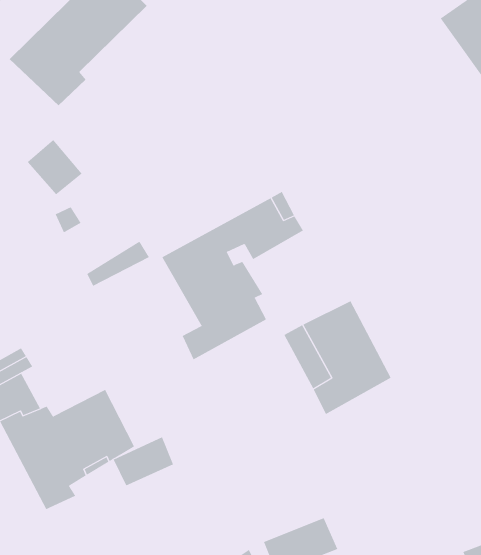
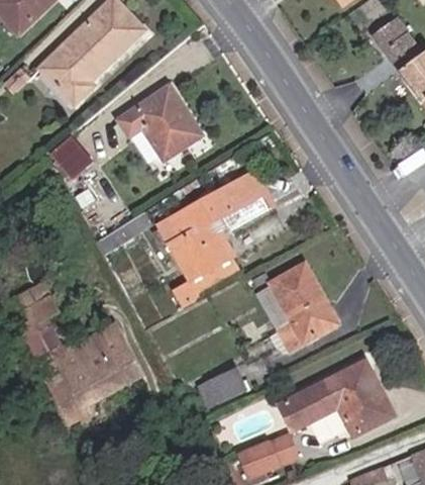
building: none -> [115,82,203,161]
building: none -> [279,359,394,437]
building: [113,437,174,486] -> [198,367,246,406]

